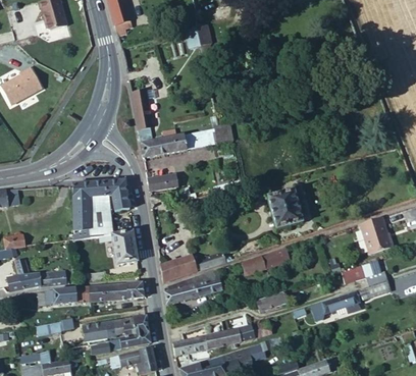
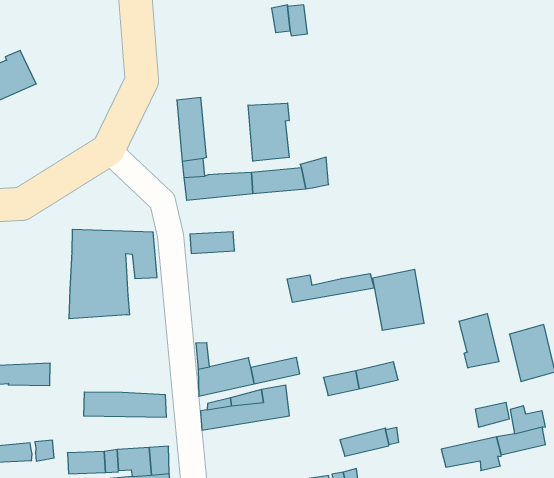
building: none -> [248,103,289,161]
building: none -> [287,274,374,302]
building: none -> [459,314,499,368]
building: [112,231,138,265] -> none
building: [46,286,91,305] -> none

